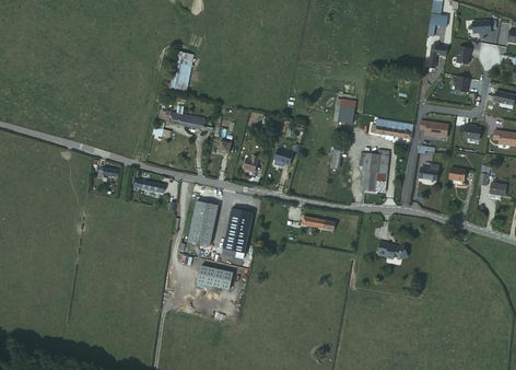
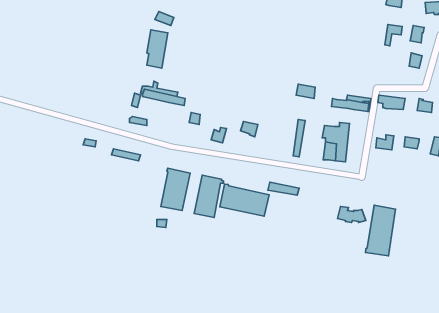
building: none -> [220,184,269,216]
building: none -> [366,205,396,256]
building: [197,266,233,290] -> none

